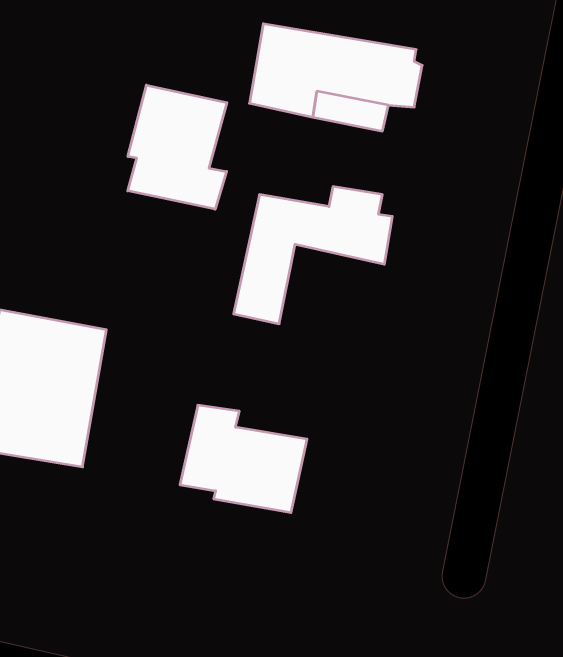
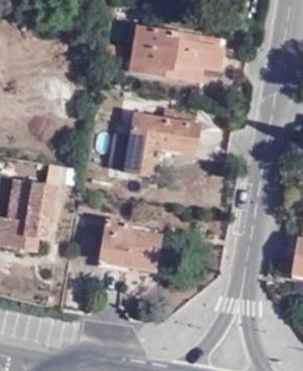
building: [128,85,227,209] -> none

